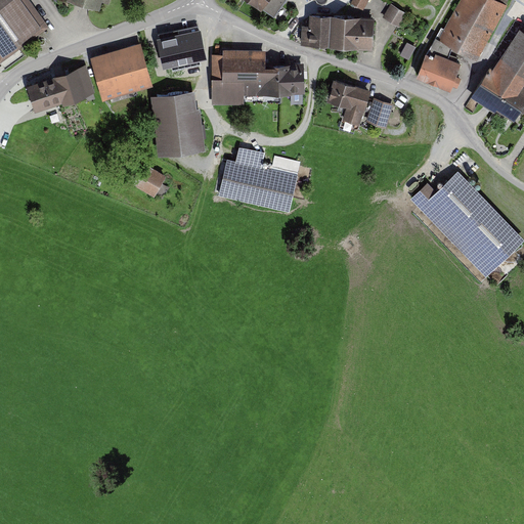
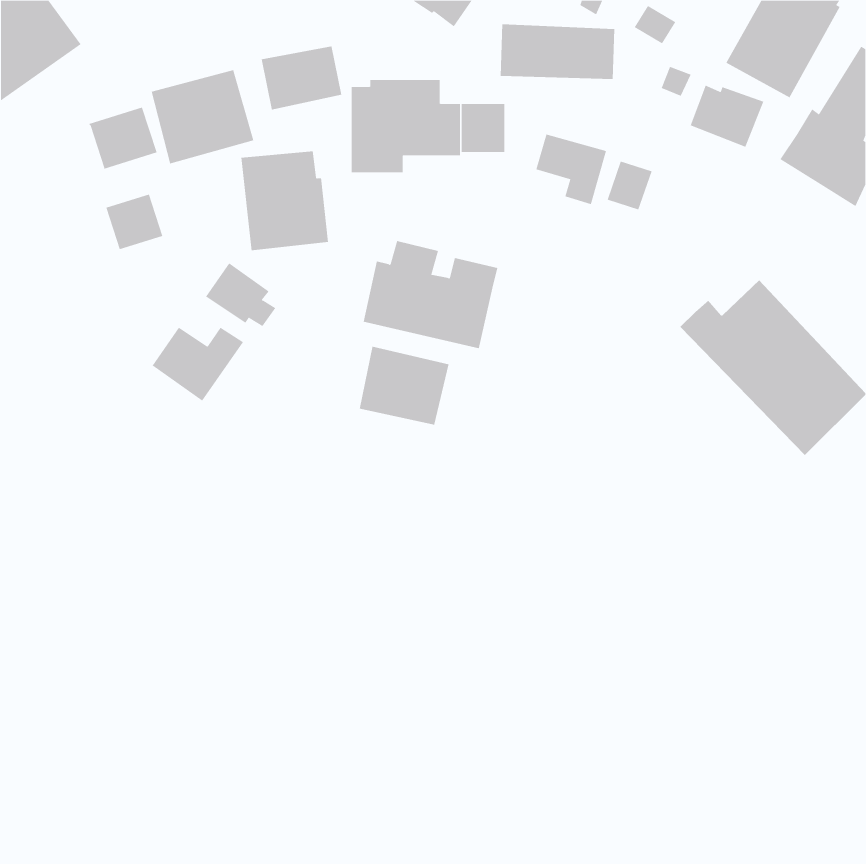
building: [28,77,62,111] -> [106,194,163,250]
building: none -> [152,327,244,401]
building: none -> [359,346,449,426]

